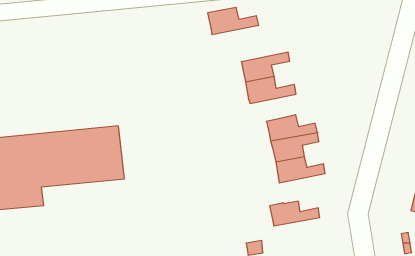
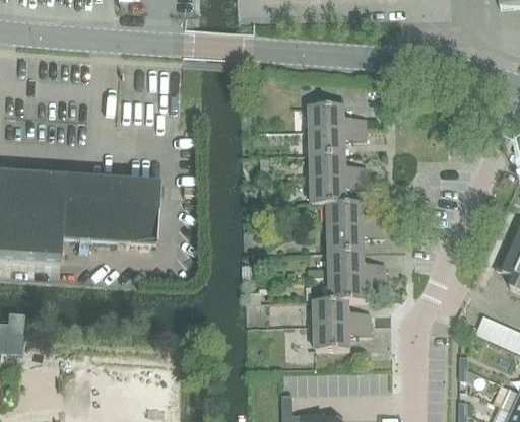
building: [208,7,259,35] -> [309,104,365,131]
building: none -> [312,178,366,204]
building: none -> [330,273,384,299]
building: none -> [316,322,370,348]

